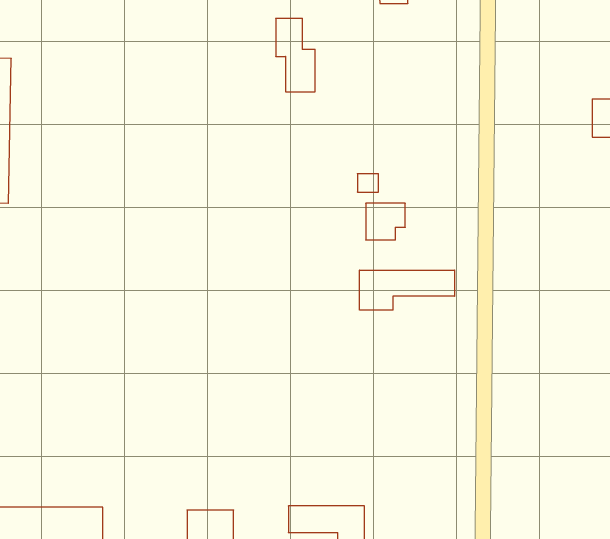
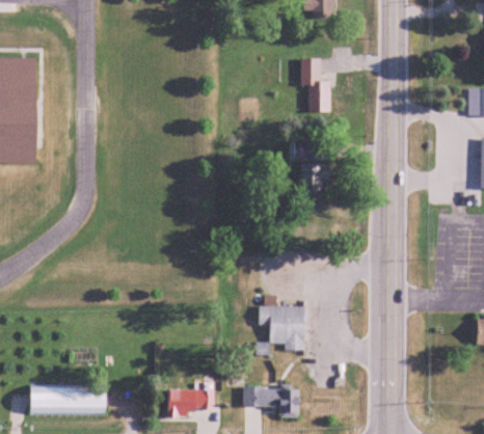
building: [276,18,315,92] -> [300,56,329,110]
building: [360,270,455,310] -> none
building: none -> [258,305,304,349]

